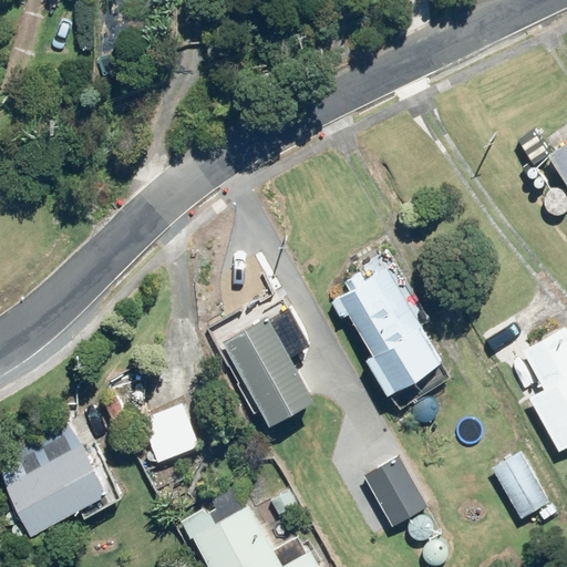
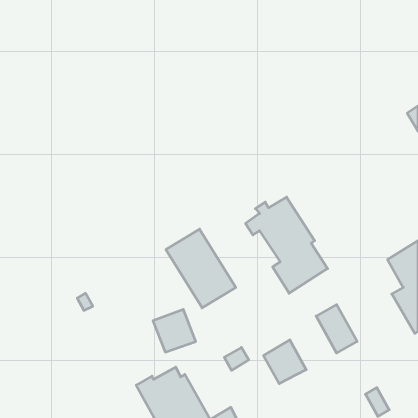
building: [141,404,198,462] -> [153,309,196,352]
building: [6,446,109,536] -> none
building: [494,454,549,519] -> [316,305,357,353]

